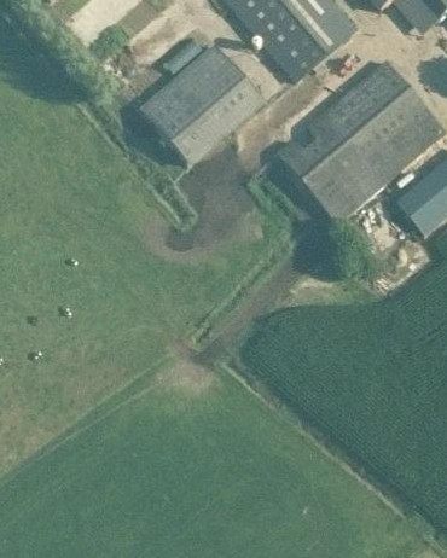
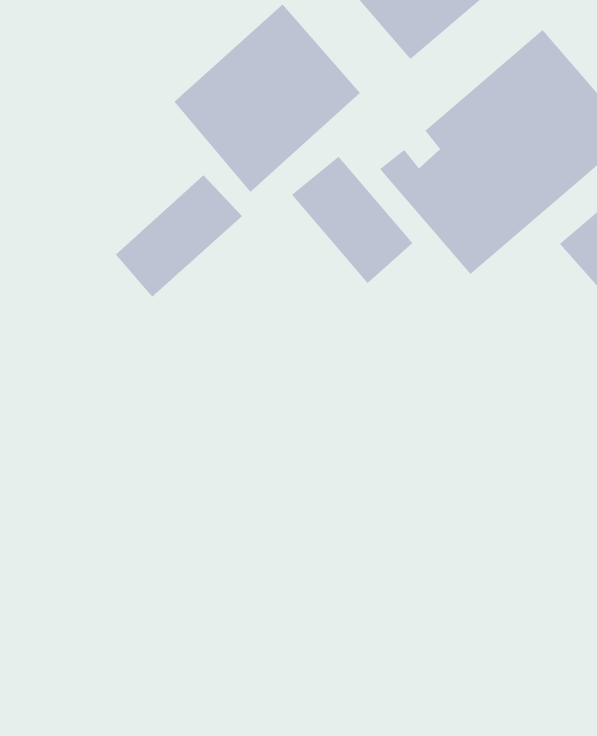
building: none -> [291,156,413,284]
building: none -> [115,175,243,298]

